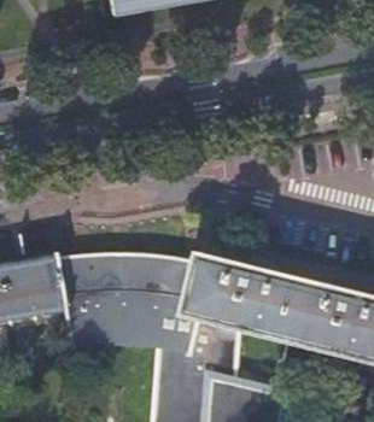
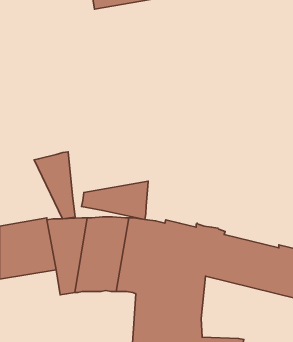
building: none -> [34,152,75,219]
building: none -> [82,181,148,220]

